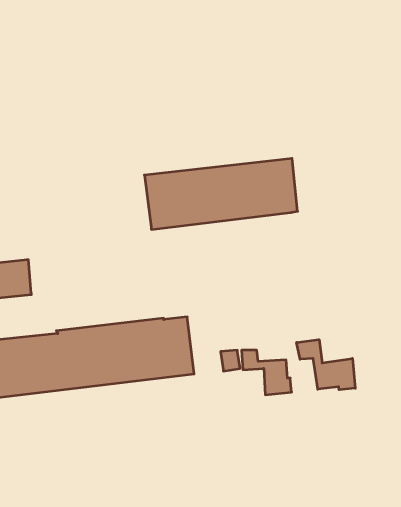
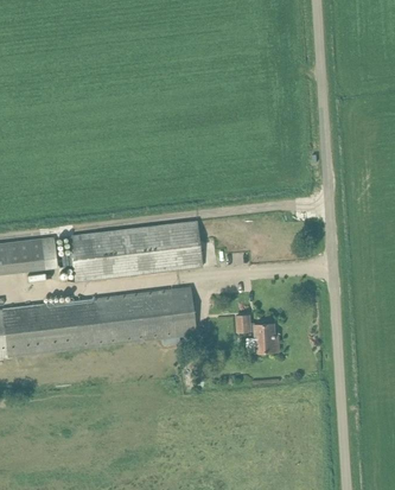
building: [144,158,298,229] -> [71,221,202,281]
building: [297,340,355,390] -> none

